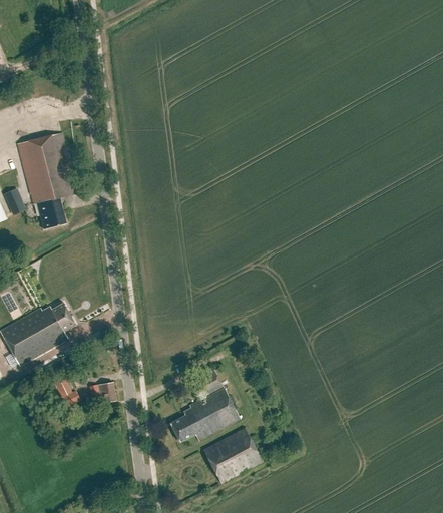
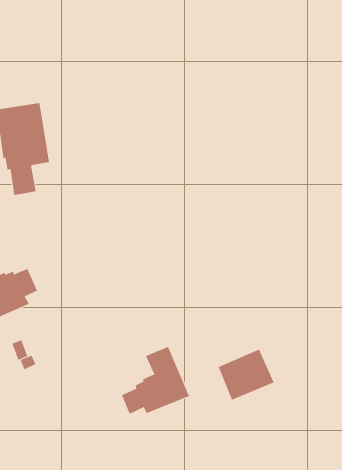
building: [88,382,116,403] -> none
building: [202,428,262,483] -> [218,349,274,401]

